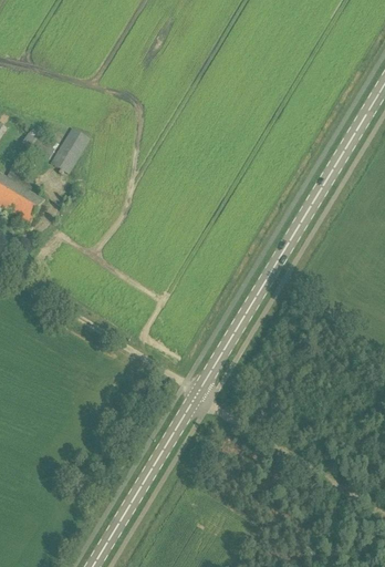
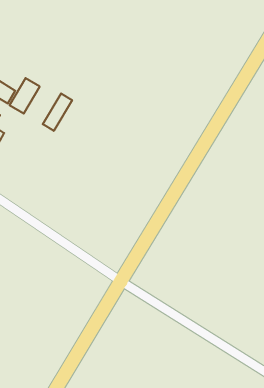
building: none -> [43,93,72,131]

